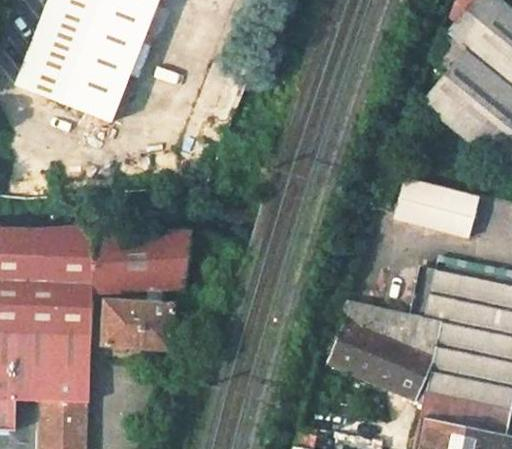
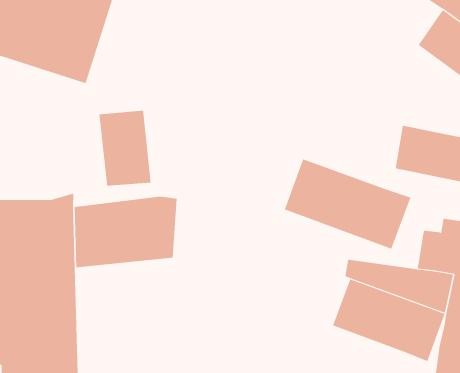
building: none -> [99,110,151,186]
building: none -> [284,158,411,250]
building: [102,300,171,349] -> none

